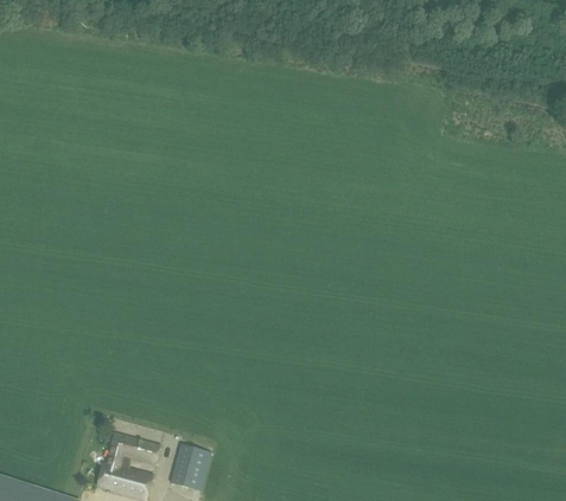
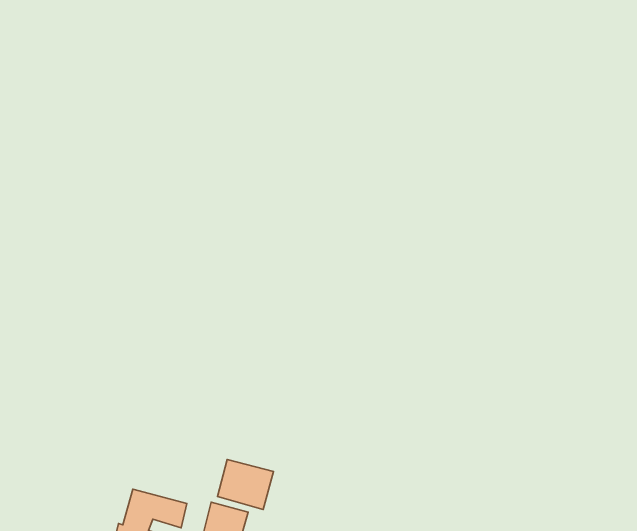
building: none -> [218,460,273,510]

